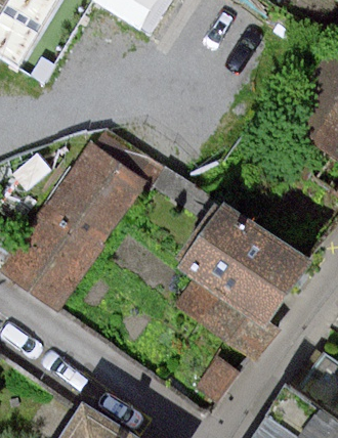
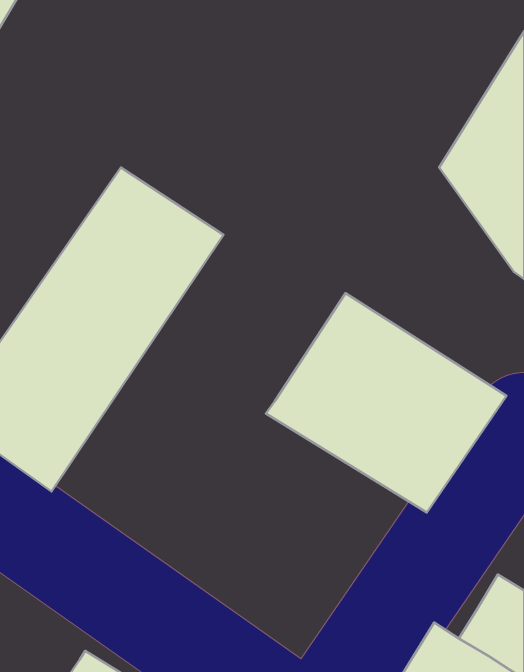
building: [171,258,285,359] -> none

